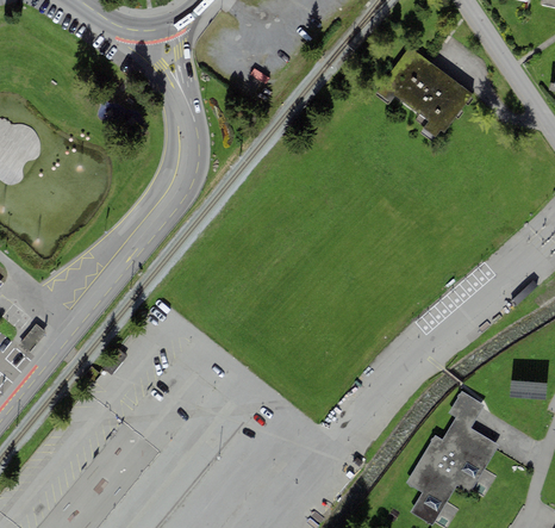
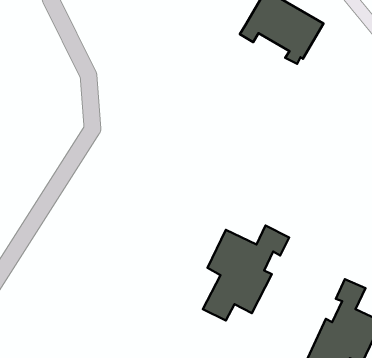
building: none -> [203,226,289,321]

